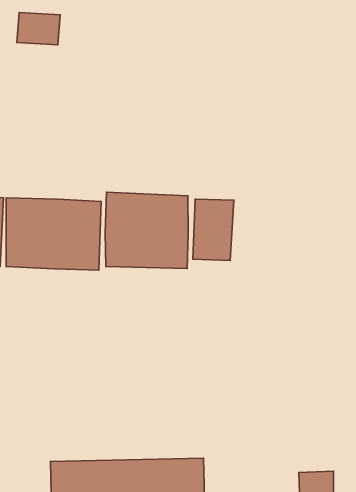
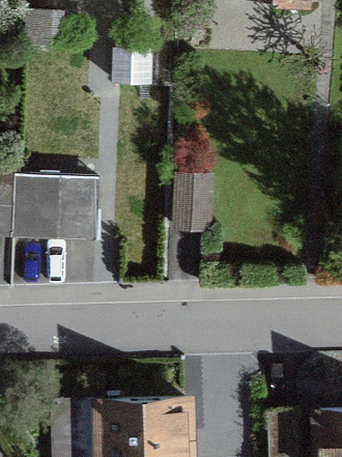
building: [105,192,188,268] -> none

